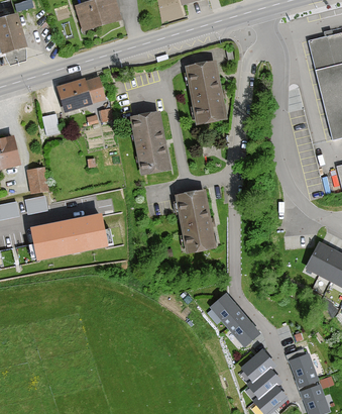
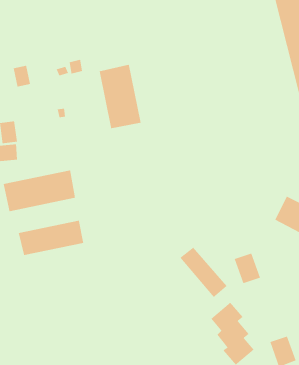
building: [184,61,225,125] -> none
building: [55,72,108,114] -> none
building: [175,188,217,250] -> none
building: none -> [18,220,84,256]
building: [290,353,317,385] -> [234,253,261,284]

